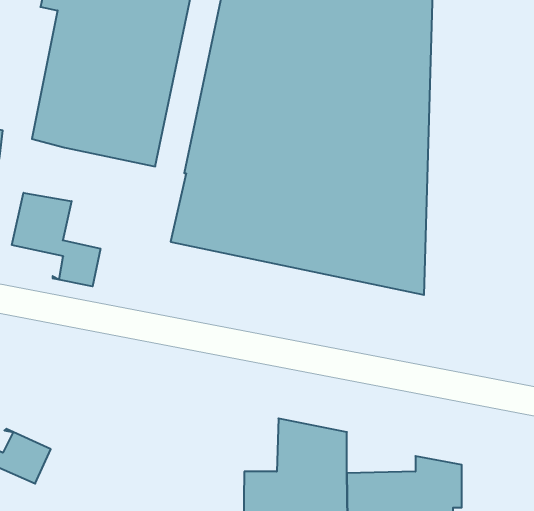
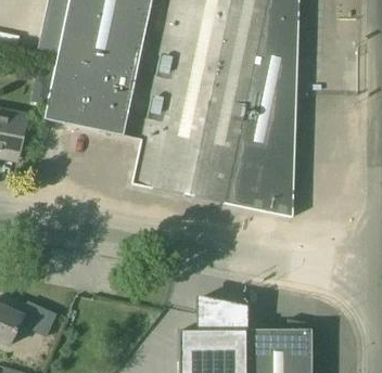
building: [12,193,100,286] -> none

